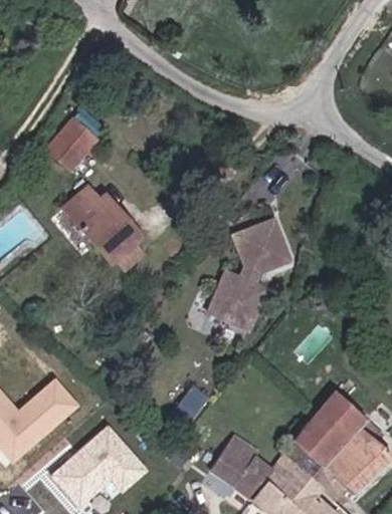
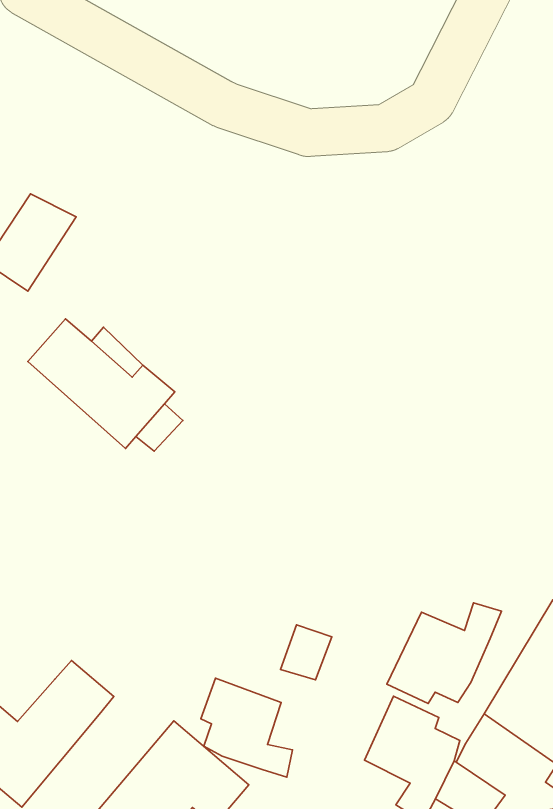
building: [208,214,288,325] -> none
building: none -> [387,603,502,704]
building: none -> [201,678,292,777]

